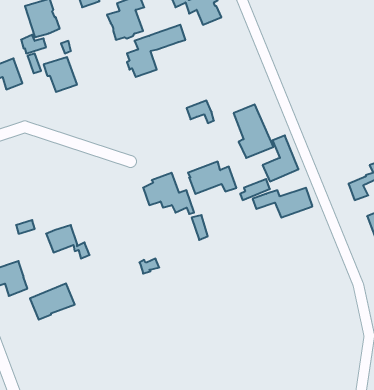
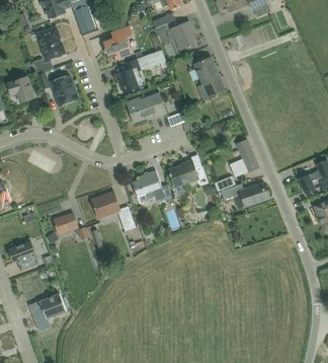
building: none -> [127,92,166,122]
building: [234,104,273,158] -> [193,56,226,99]
building: none -> [91,191,135,230]
building: [30,283,75,320] -> [29,293,66,322]

